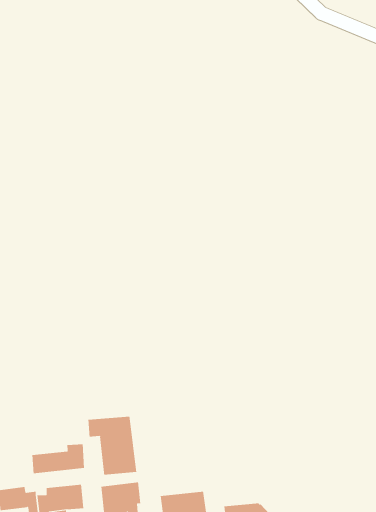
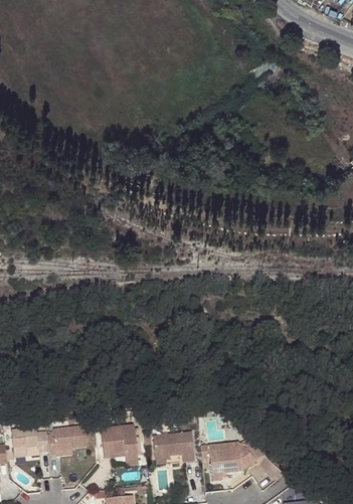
building: [88,416,137,475] -> none
building: [32,443,85,474] -> none

